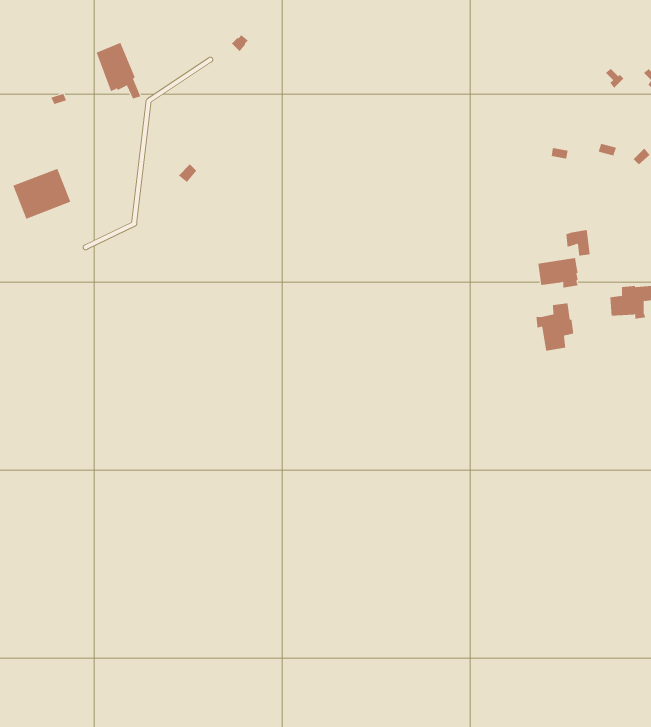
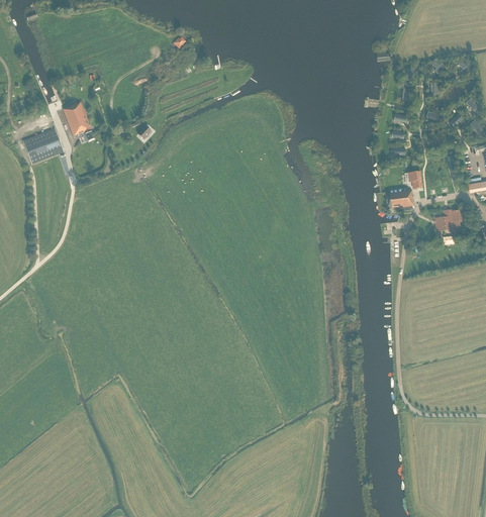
building: [96,42,141,99] -> [63,101,94,140]
building: [536,303,574,351] -> none

